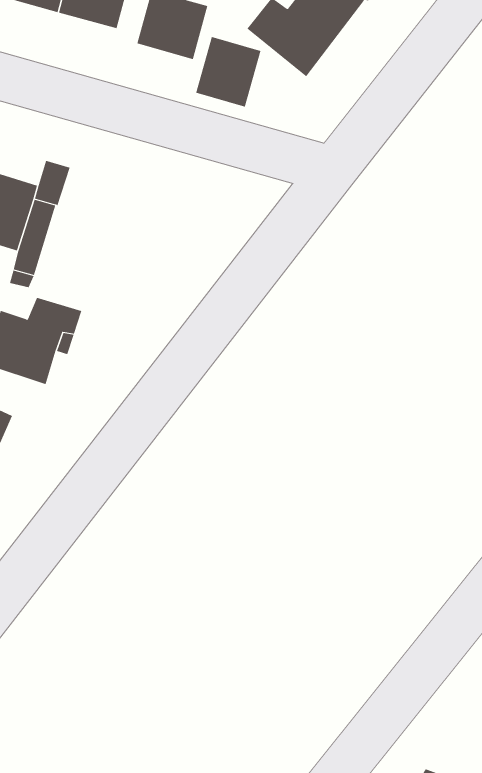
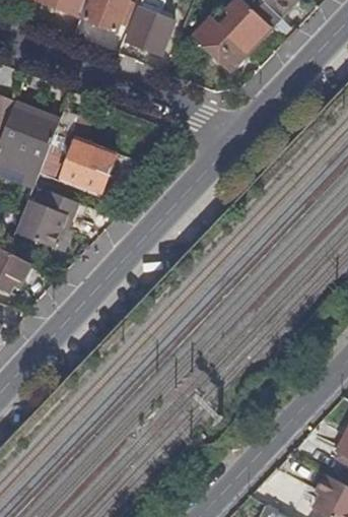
building: [195,36,261,108] -> none
building: none -> [58,140,114,191]

